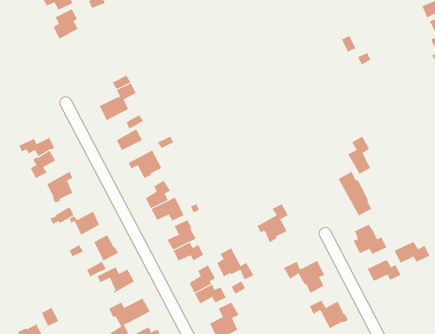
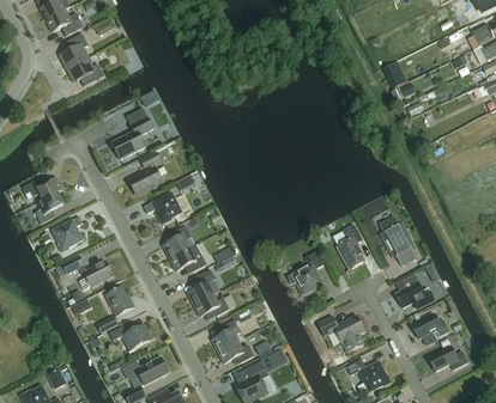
building: none -> [67,56,104,86]
building: [347,136,371,174] -> [338,225,364,268]
building: [394,241,430,263] -> [428,346,468,371]
building: [216,248,254,280] -> none

